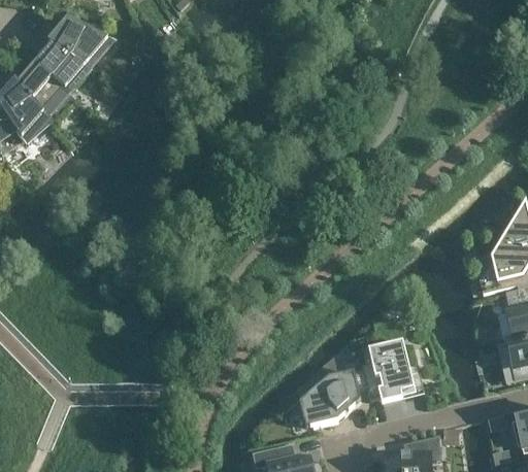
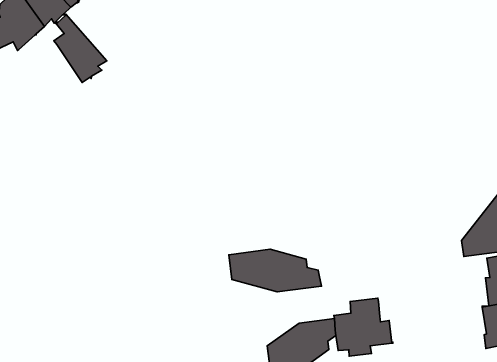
building: none -> [54,14,107,83]
building: none -> [229,249,321,292]

